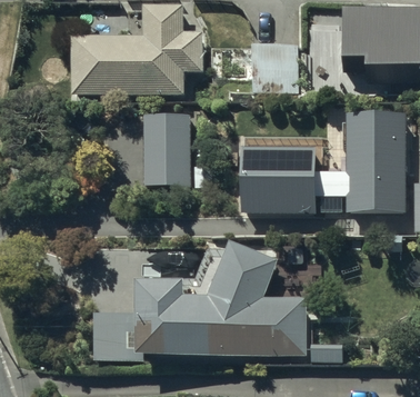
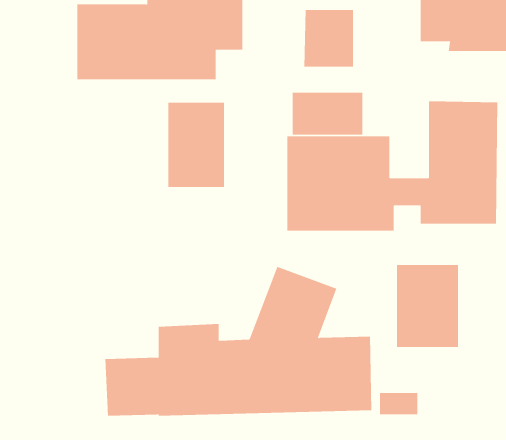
building: none -> [292,92,363,135]
building: none -> [397,264,459,348]

